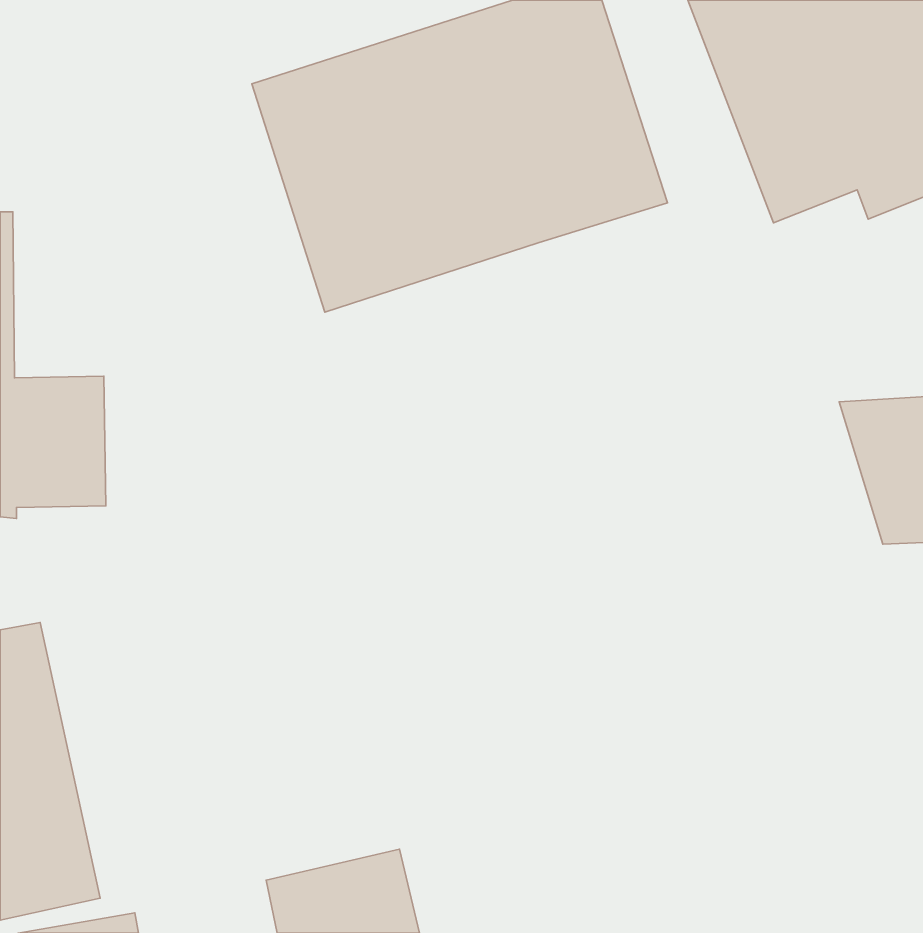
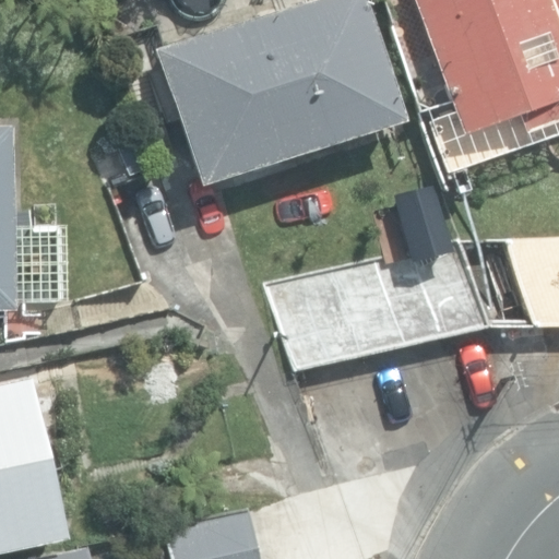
building: none -> [270,245,490,370]

